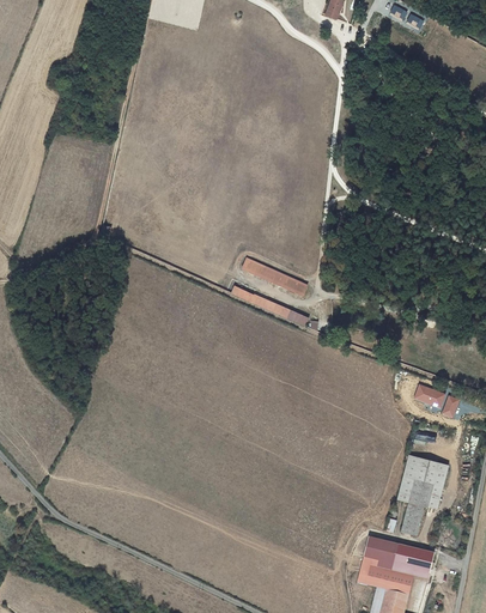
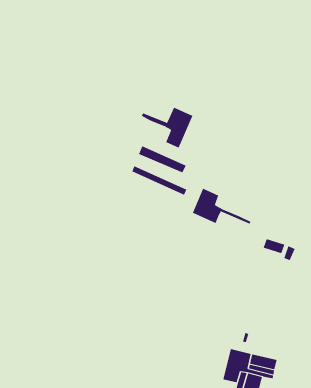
building: none -> [141,107,193,149]
building: none -> [192,188,251,224]
building: [399,456,449,535] -> none

